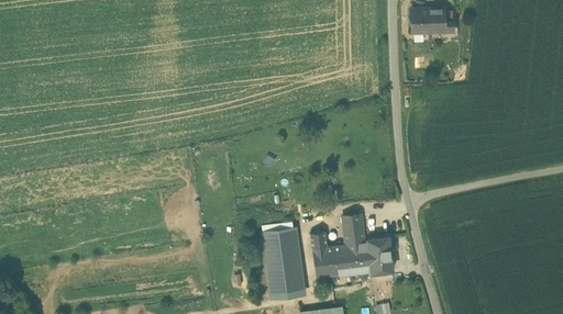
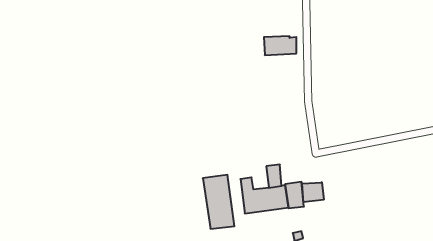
building: [412,8,454,32] -> [264,36,296,55]
building: none -> [302,182,324,202]

